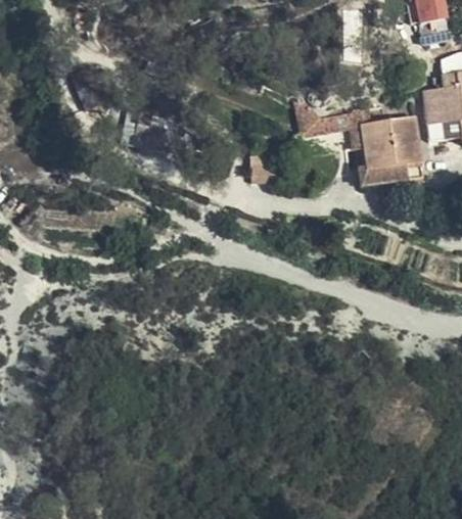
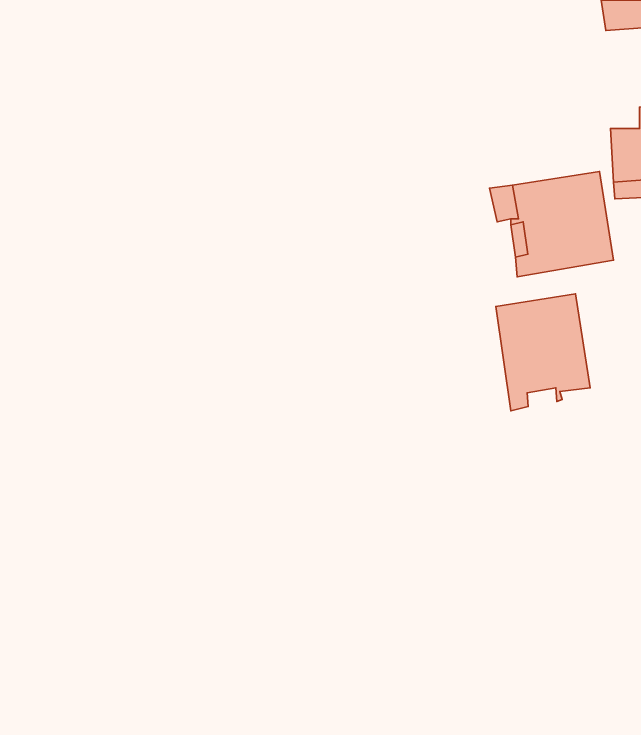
building: none -> [496,294,590,411]

